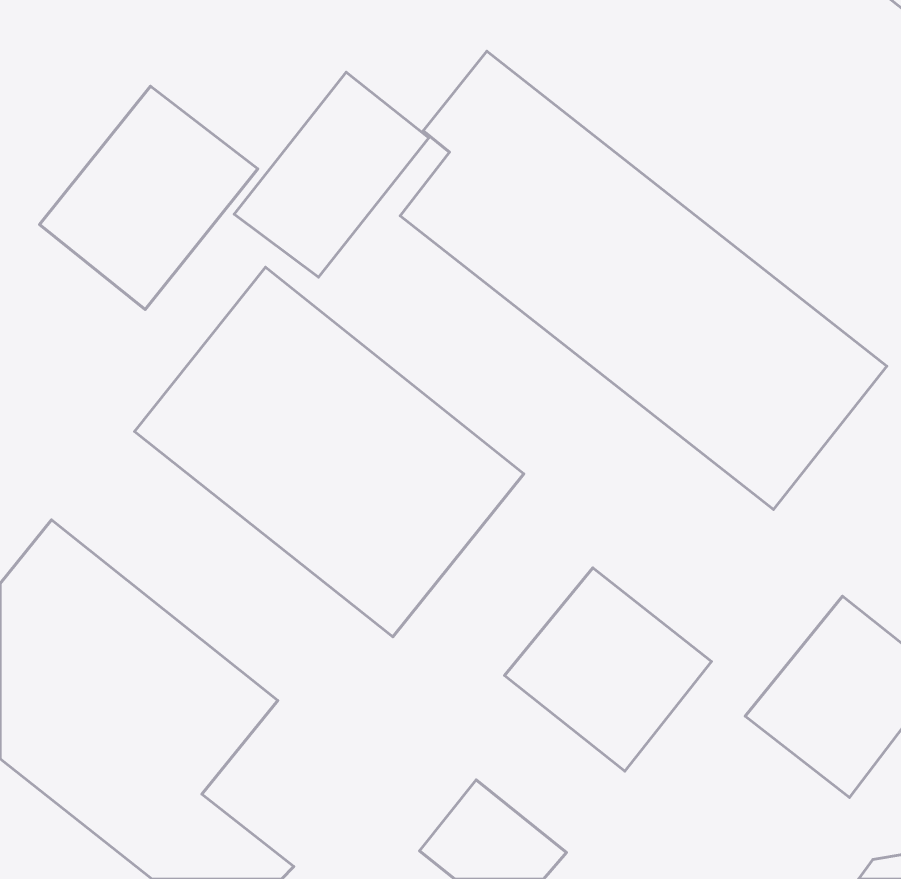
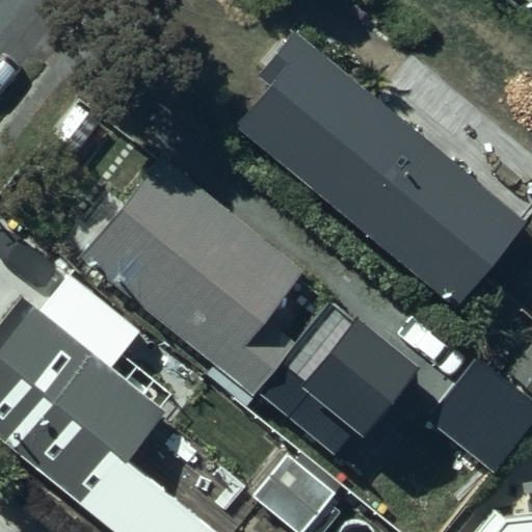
building: [234,72,429,277] -> none
building: [40,86,258,309] -> none

